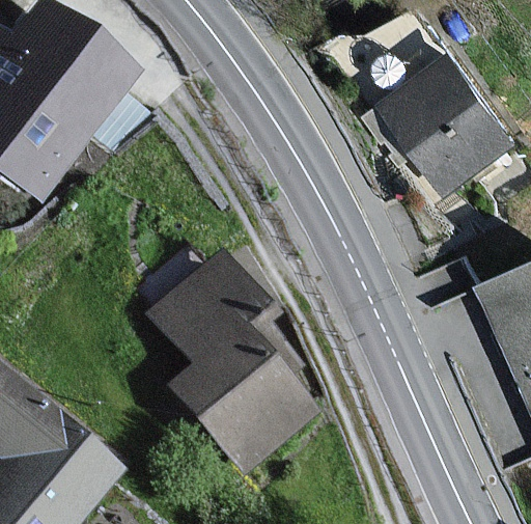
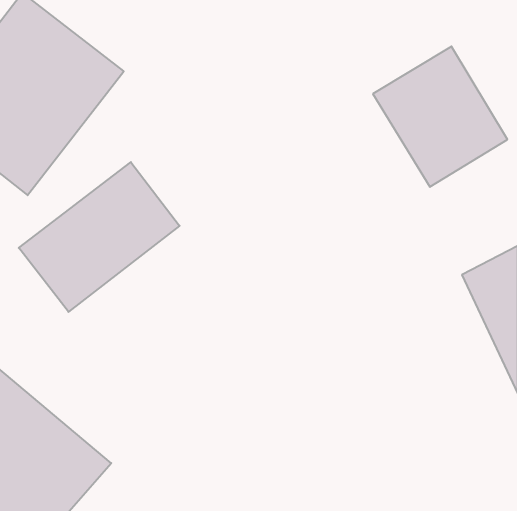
building: none -> [19,162,180,312]
building: [149,253,313,474] -> none

